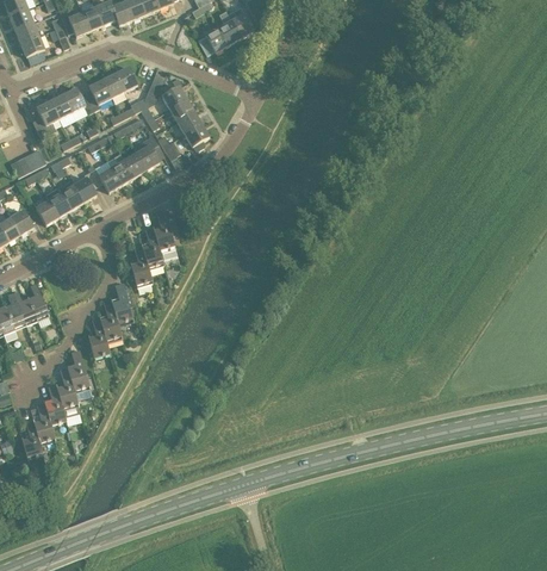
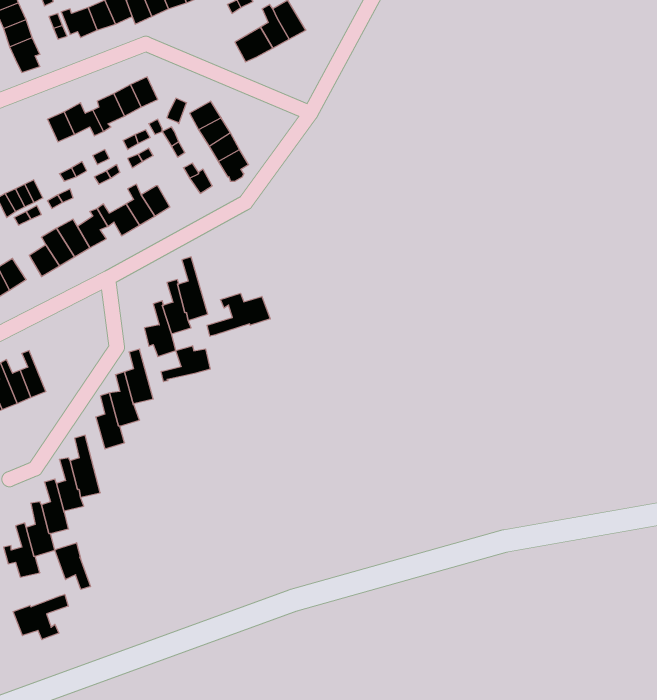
building: [32,100,58,136] -> none
building: [132,134,164,169] -> none
building: none -> [207,293,270,336]
building: none -> [161,346,210,382]
building: none -> [55,543,90,589]
building: none -> [13,594,68,640]

